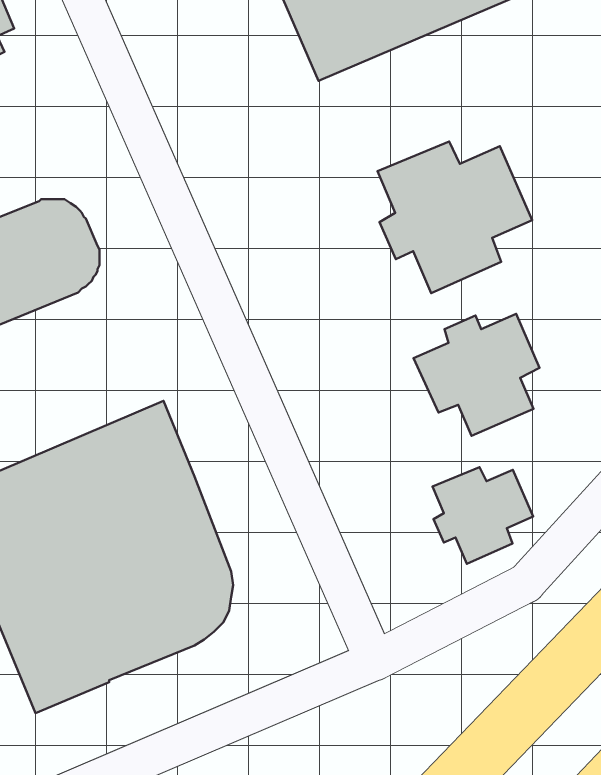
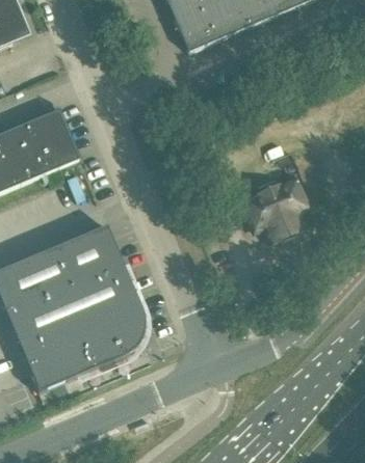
building: [377,141,532,293] -> none
building: [433,467,533,564] -> none

